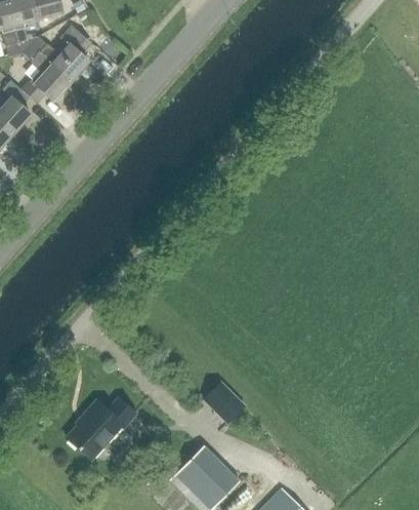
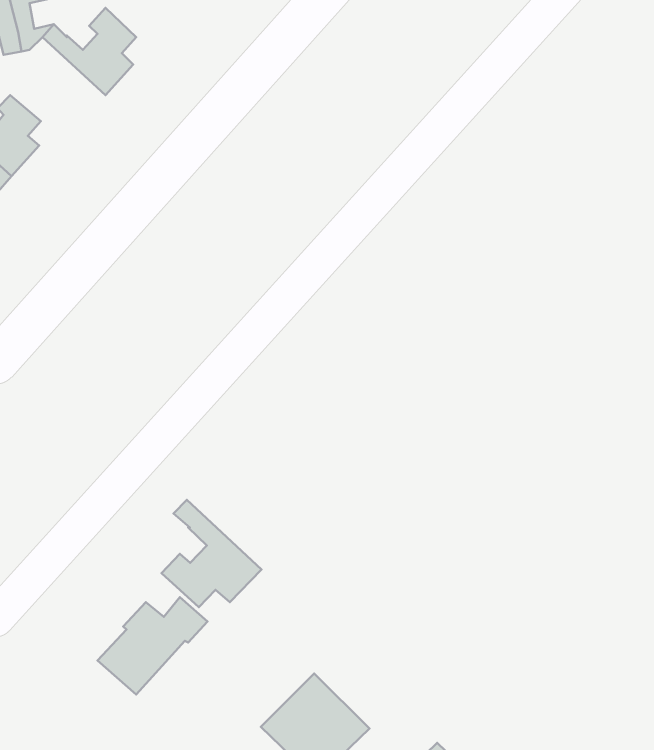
building: [22,43,71,103] -> none
building: none -> [162,500,261,607]
building: [202,380,246,423] -> none

